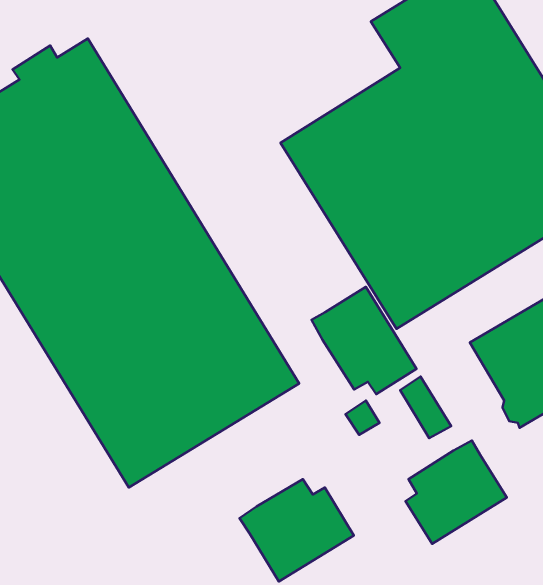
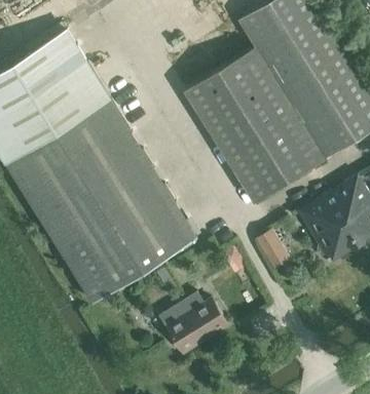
building: [311,287,417,394] -> none
building: [405,440,507,544] -> none

